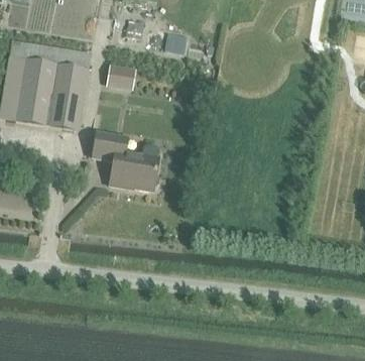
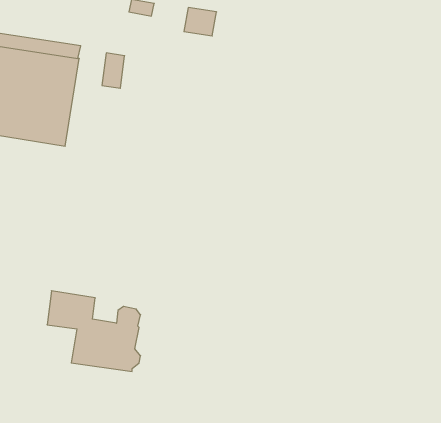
building: [94,132,160,190] -> [47,291,141,371]

